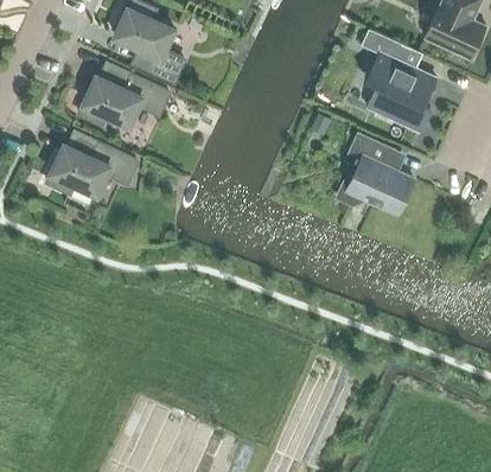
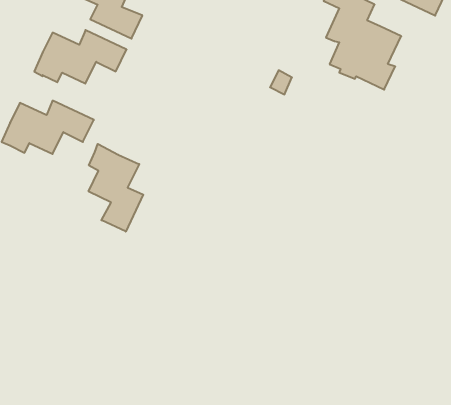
building: [337,133,414,213] -> none
building: none -> [89,144,143,232]

